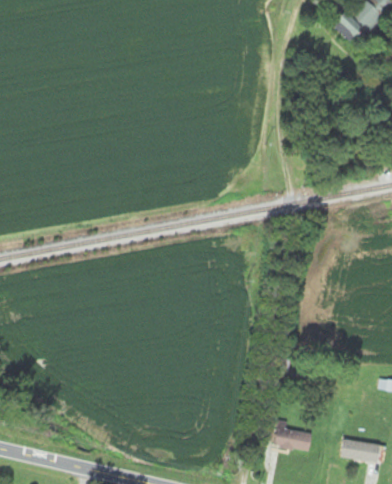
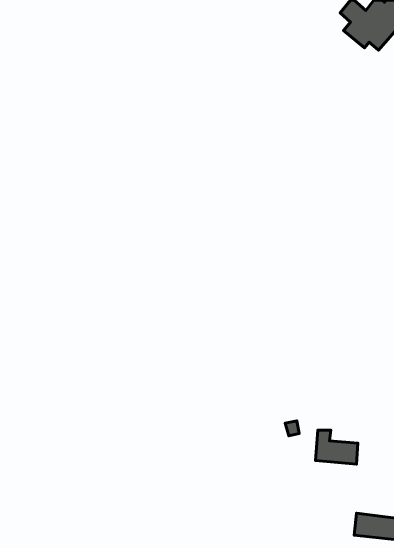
building: [274,421,310,450] -> [316,430,358,464]

